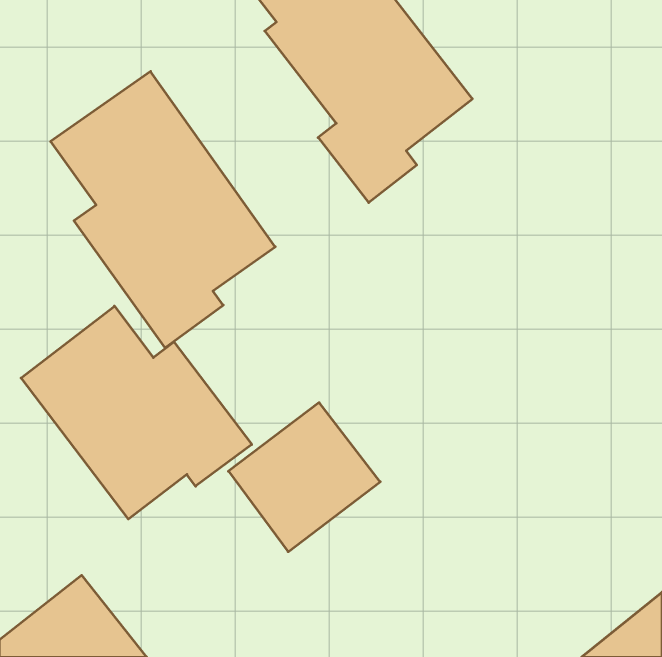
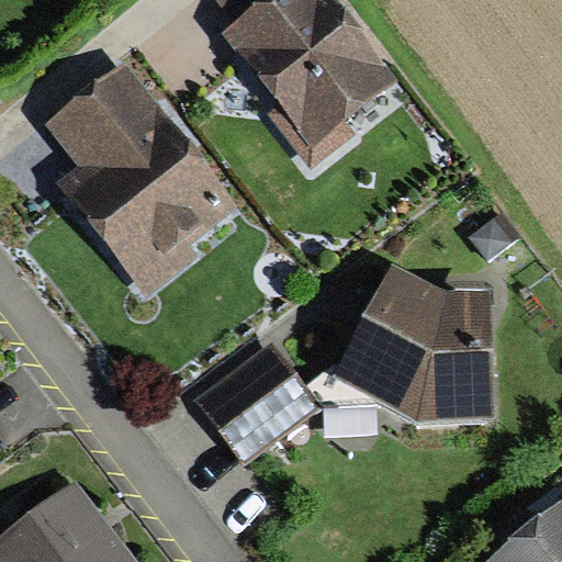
building: [21,306,252,519] -> none
building: none -> [335,272,493,422]

